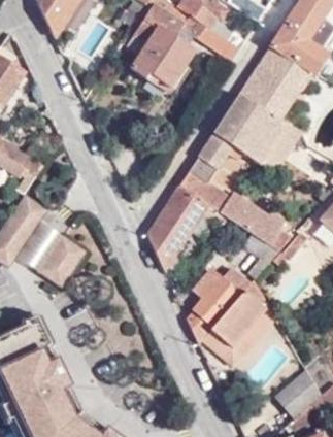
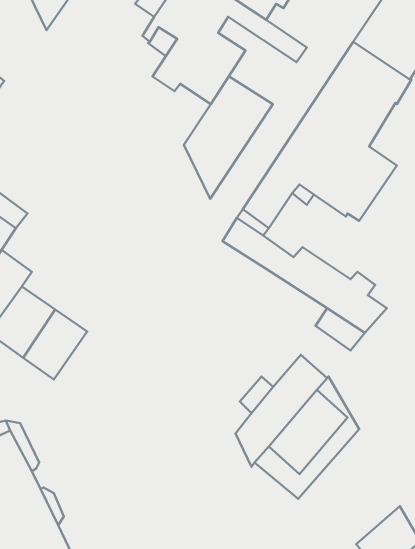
building: [147,186,210,272] -> [184,77,273,199]
building: [212,291,268,350] -> none

